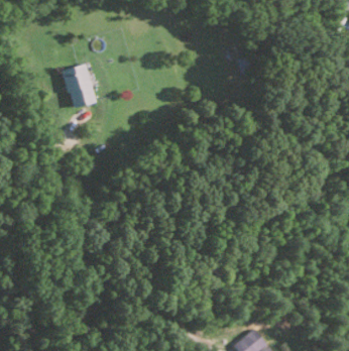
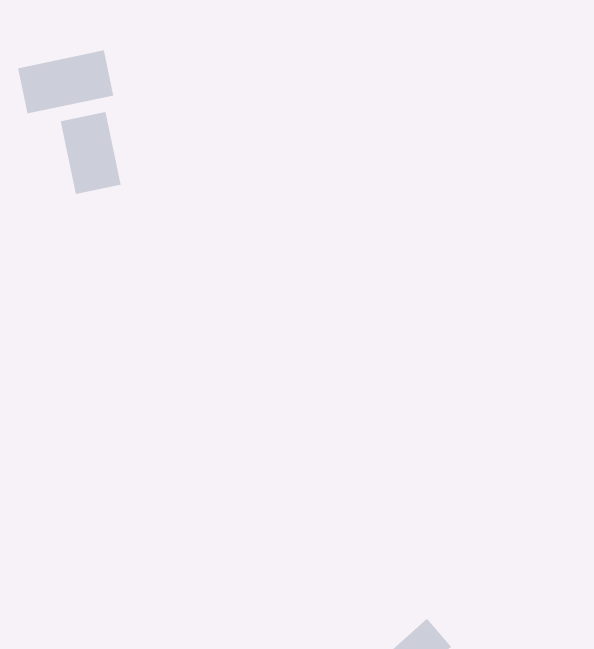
building: none -> [17,50,114,114]

